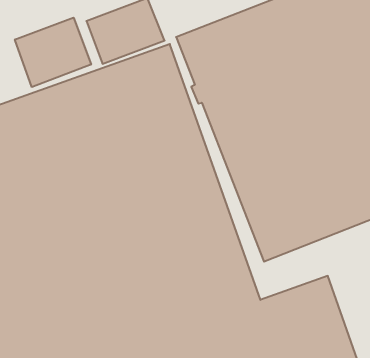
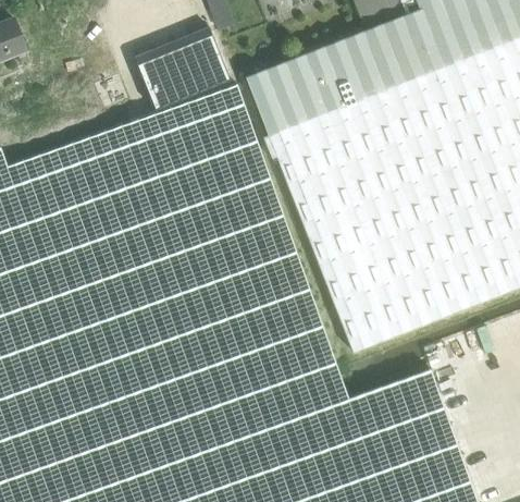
building: [15,18,91,87] -> none

